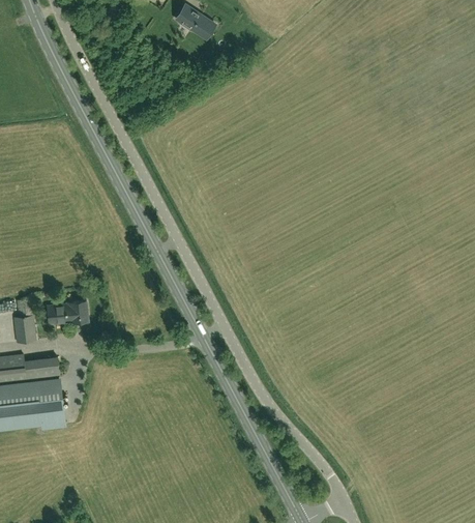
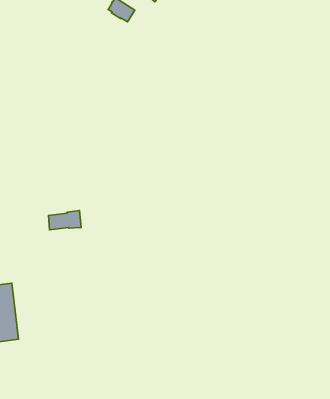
building: [48,300,88,324] -> [49,211,81,230]

